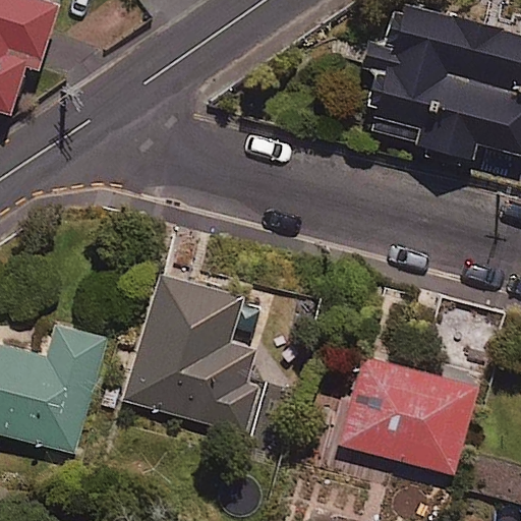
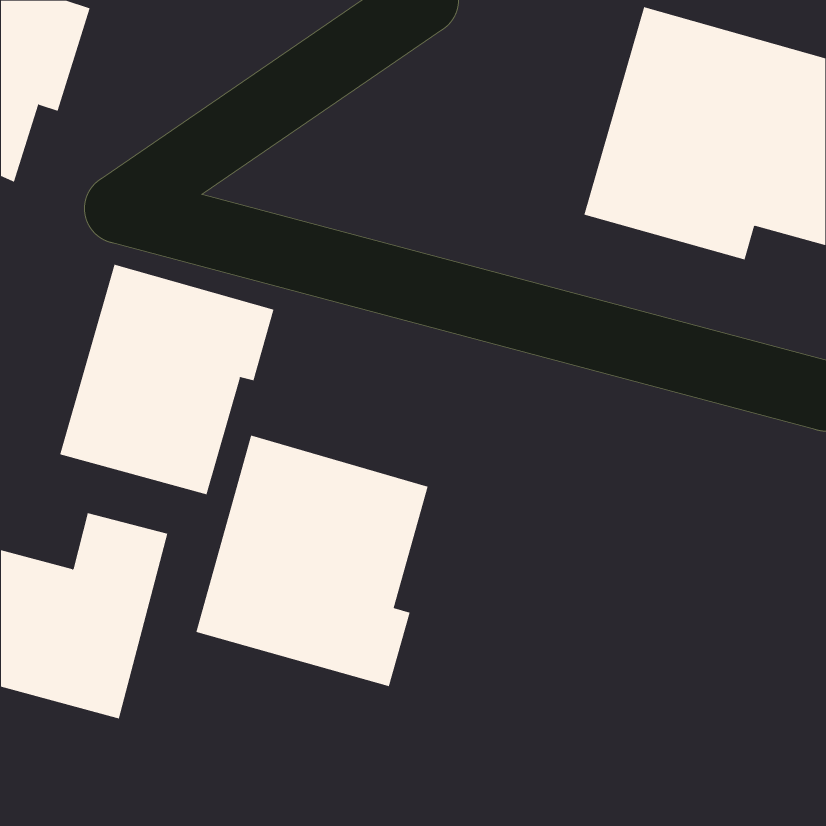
building: none -> [59,264,274,495]
building: [337,356,476,474] -> none

